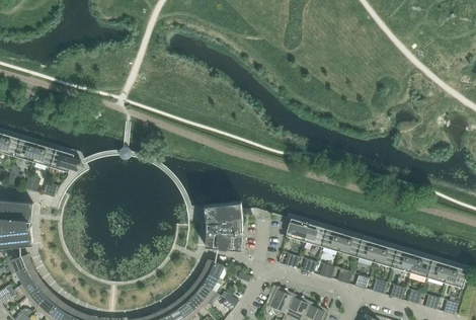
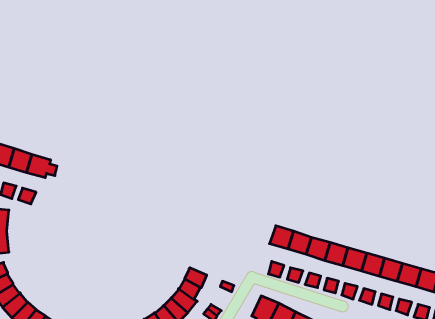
building: [205,202,244,250] -> none

